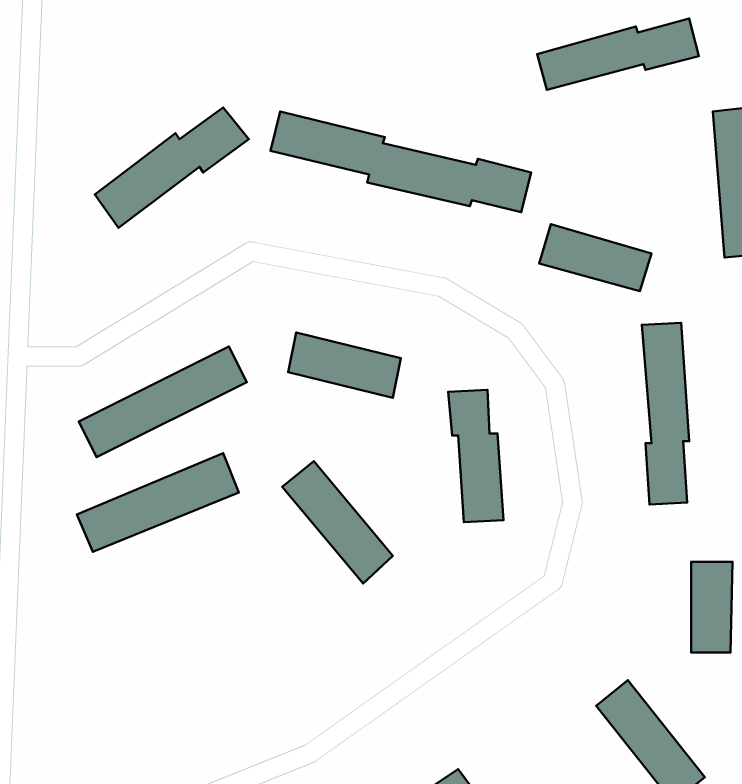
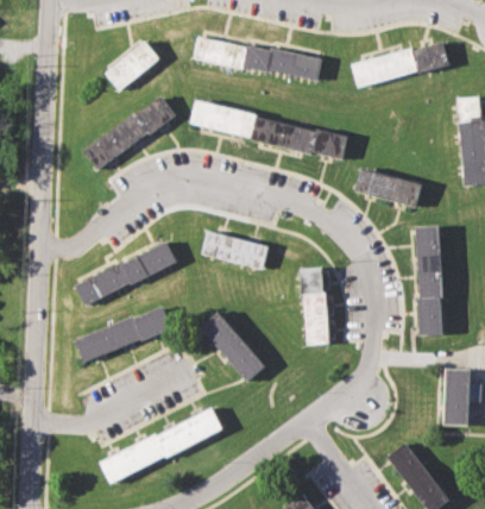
building: none -> [194,37,322,81]
building: none -> [107,42,162,90]
building: none -> [101,408,223,484]

